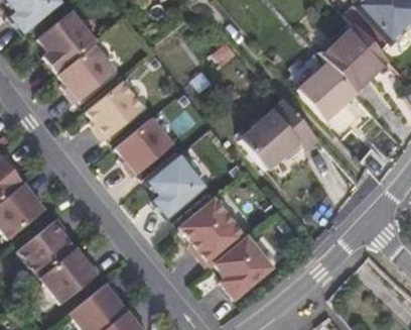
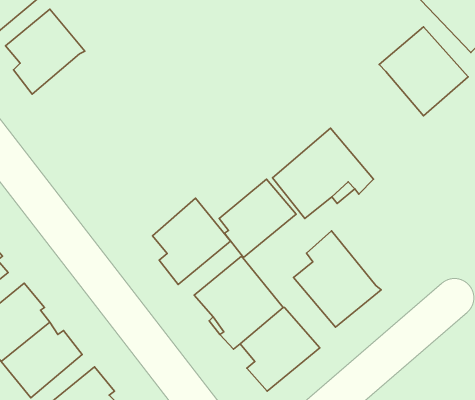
building: [59,44,118,104] -> none
building: [293,58,352,118] -> none
building: [88,81,145,140] -> none
building: [118,117,175,176] -> [219,179,296,257]
building: none -> [293,231,381,327]

